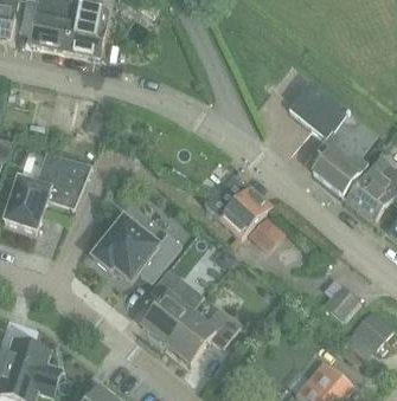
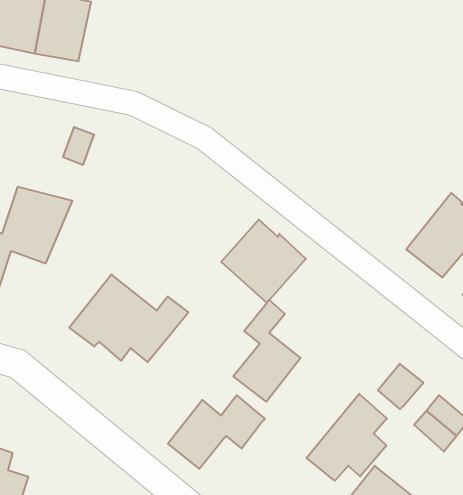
building: [288,83,377,194] -> none
building: [141,266,192,343] -> [233,300,301,402]
building: none -> [306,394,387,481]

